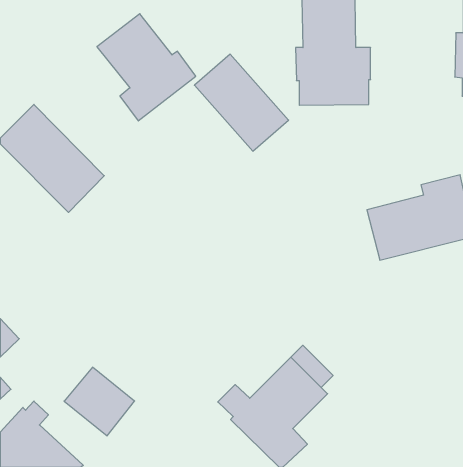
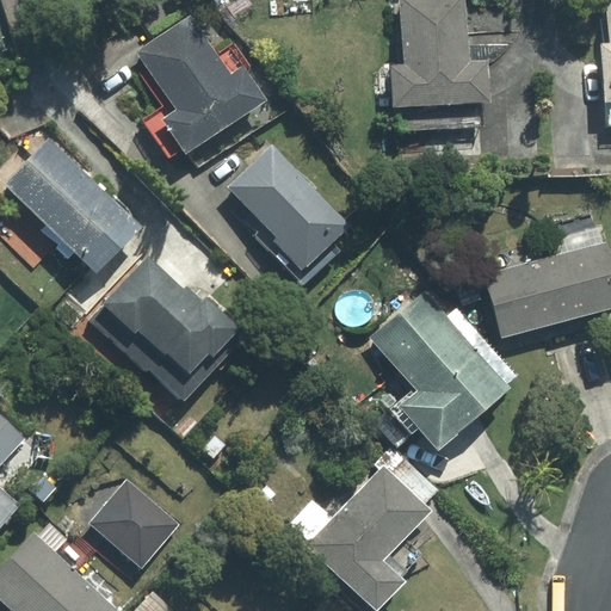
building: [194,54,289,151] -> [227,144,350,271]
building: none -> [90,255,236,406]
building: none -> [371,290,510,452]

